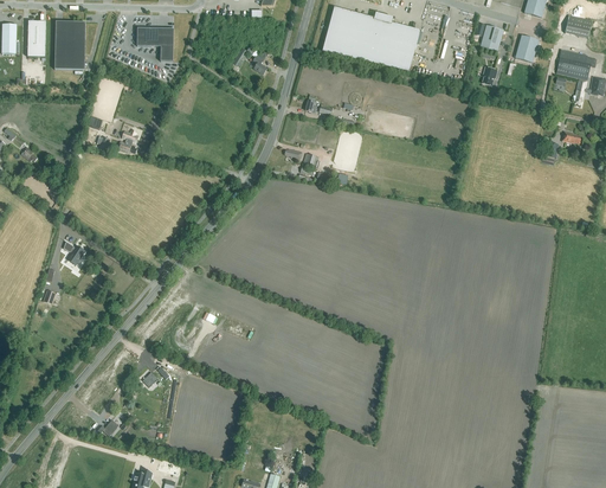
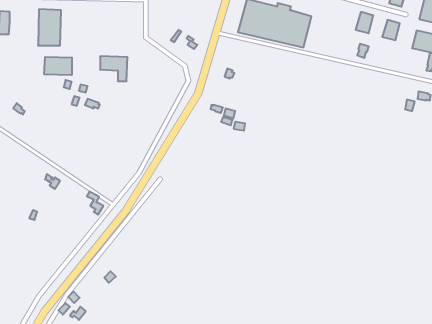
building: [27,20,46,56] -> none
building: [137,27,174,60] -> [100,56,128,81]
building: none -> [44,57,72,75]

